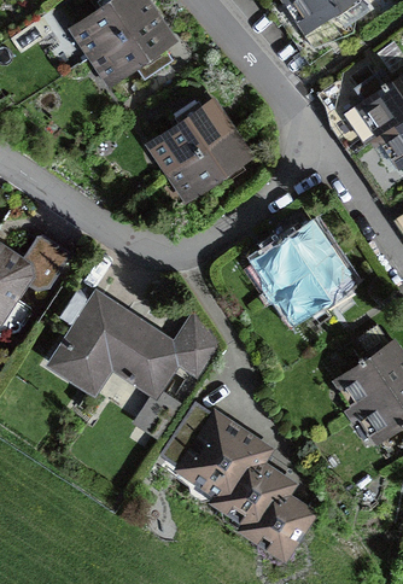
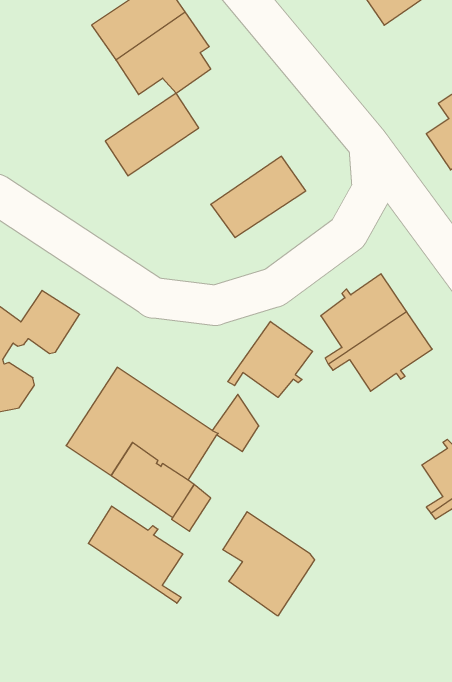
building: [154,100,229,167] -> [105,93,199,176]
building: none -> [228,321,313,397]
building: none -> [88,506,183,603]
building: [222,451,300,543] -> none

